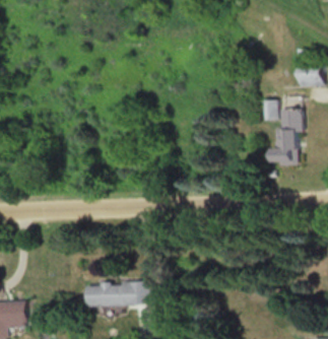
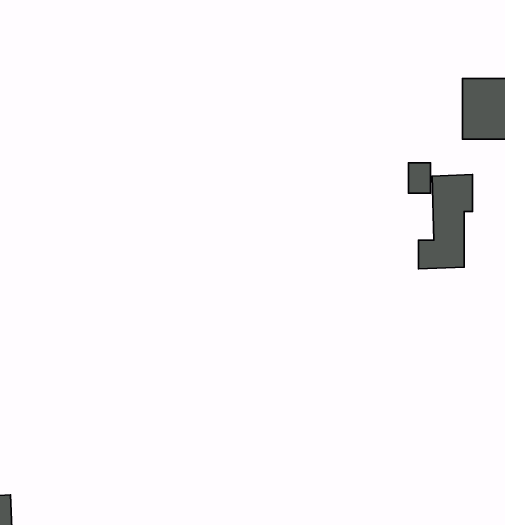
building: [85,283,149,307] -> none

